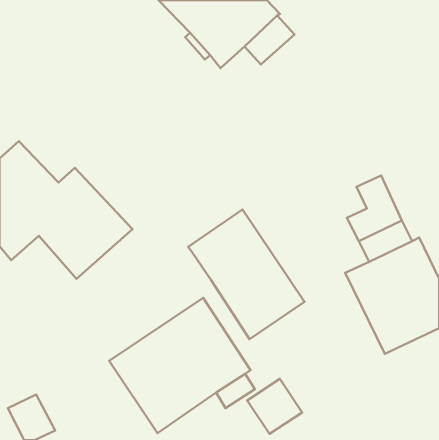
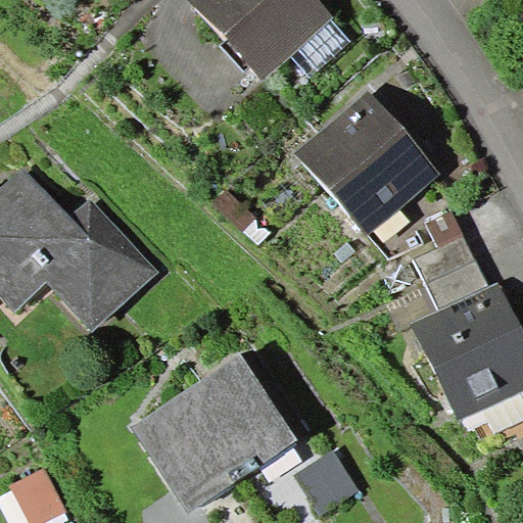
building: none -> [295,90,440,234]
building: [188,209,305,339] -> none

